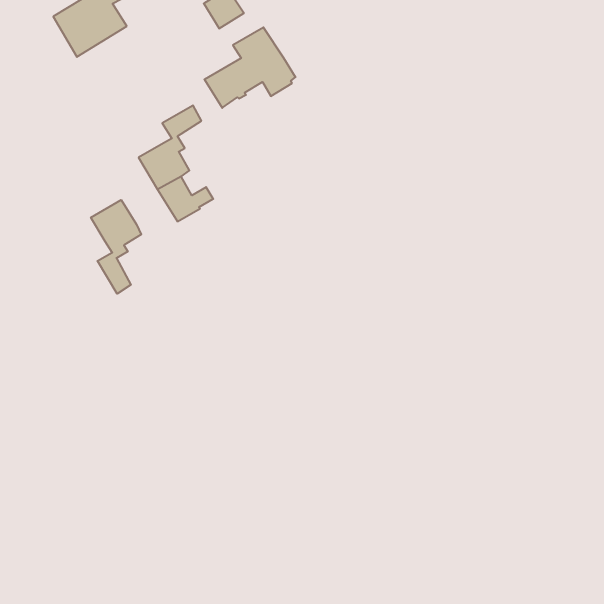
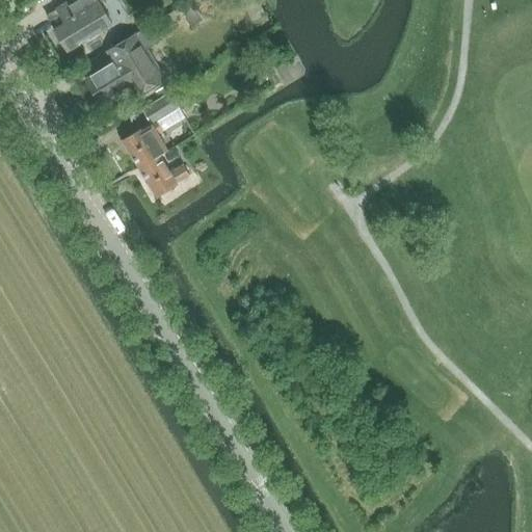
building: [204,27,296,108] -> [84,33,164,104]
building: [91,200,141,294] -> none

